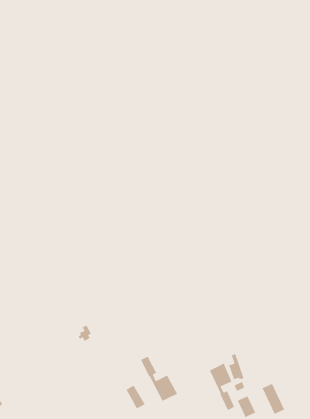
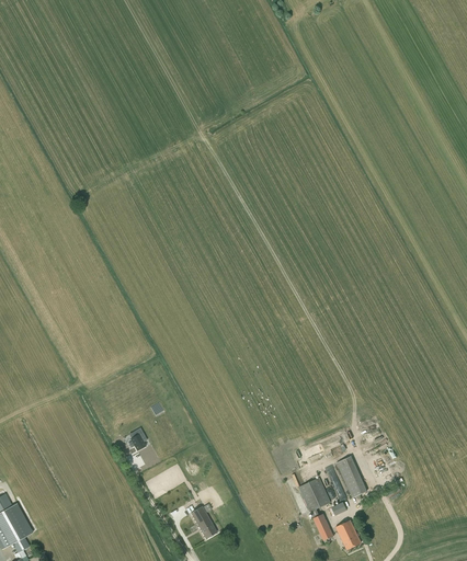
building: [140,356,178,402] -> none
building: [262,383,285,415] -> [335,456,366,497]

